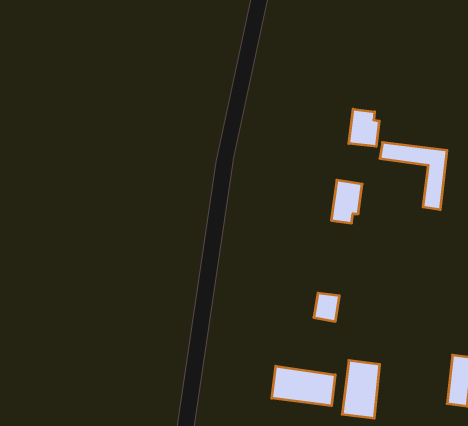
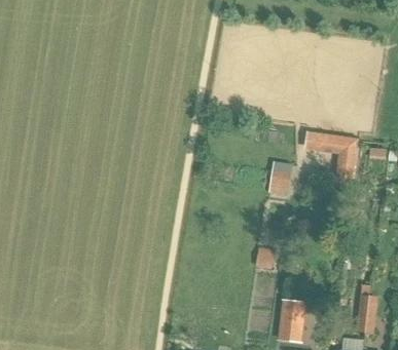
building: [349,109,379,146] -> none
building: [272,366,335,406] -> none

